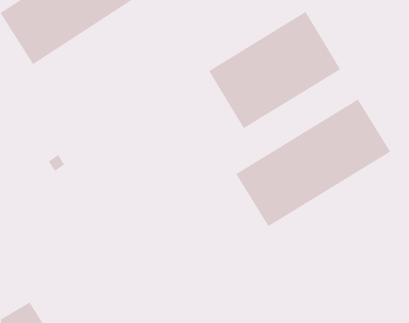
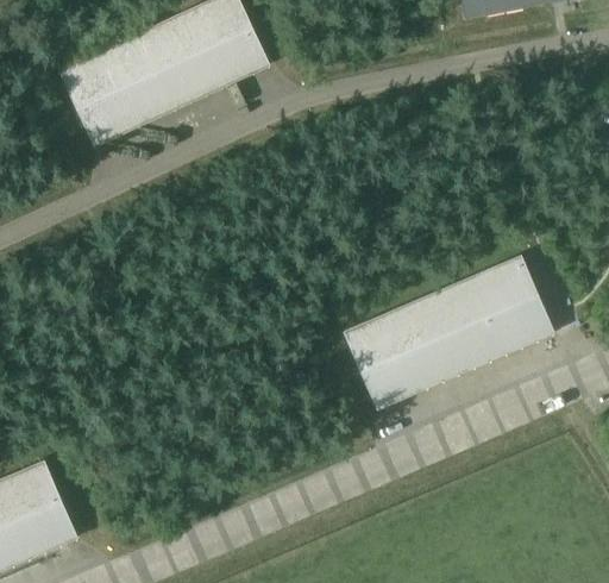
building: [208,11,341,129] -> none

